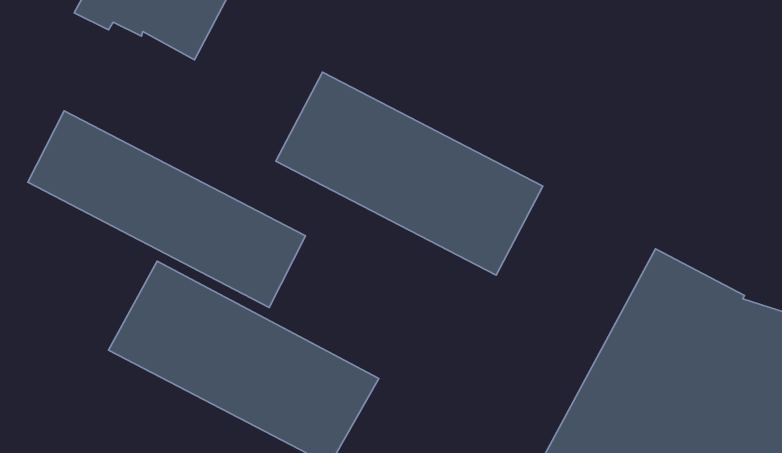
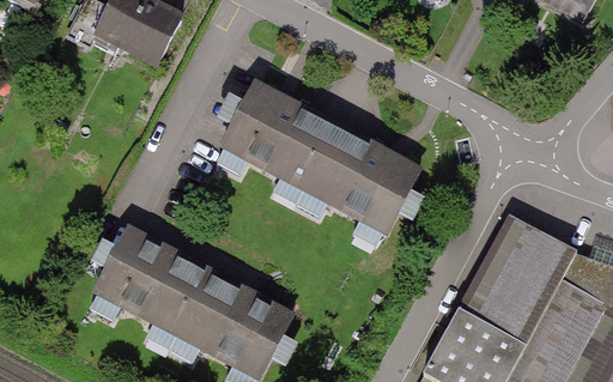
building: [28,111,305,307] -> none

